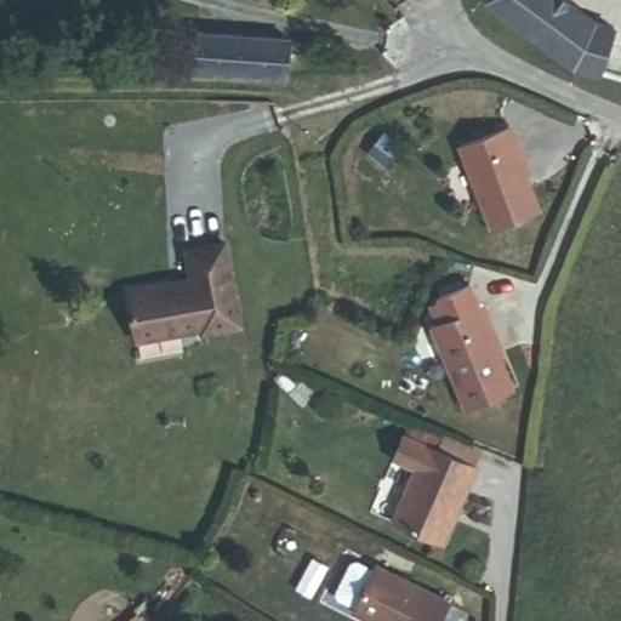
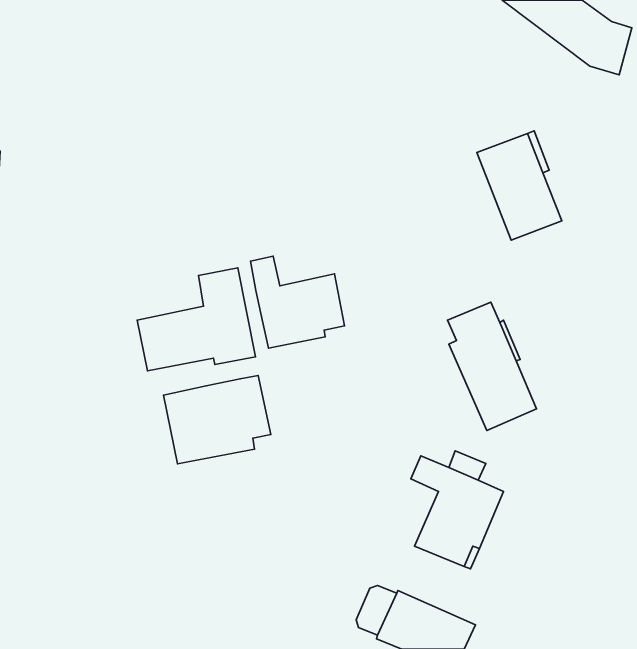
building: [183,35,277,79] -> none
building: none -> [250,256,344,348]
building: none -> [164,375,271,464]

